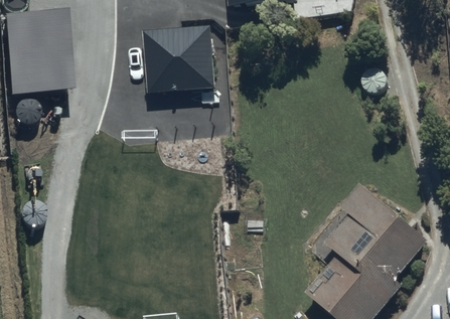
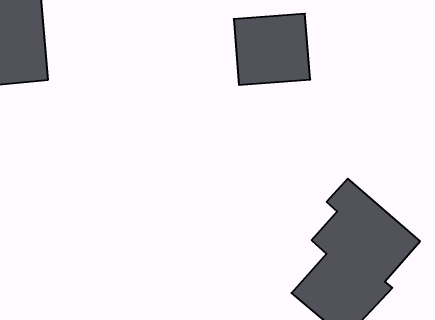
building: [142,25,214,93] -> [234,14,310,85]

